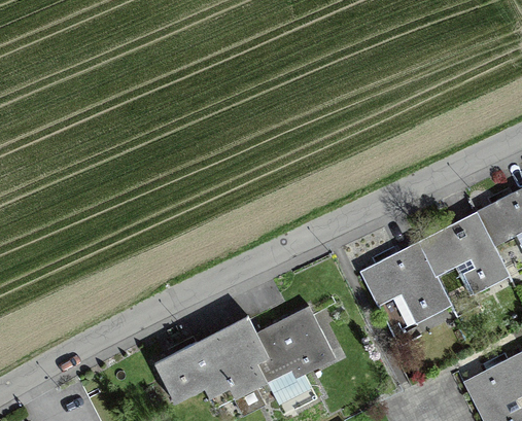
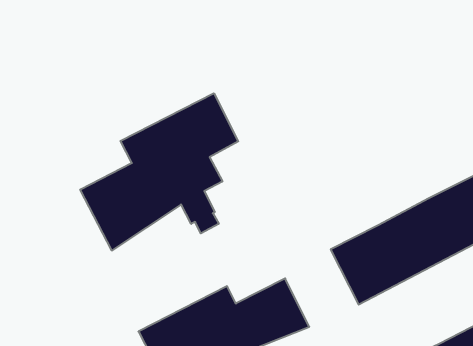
building: none -> [80,93,238,251]

